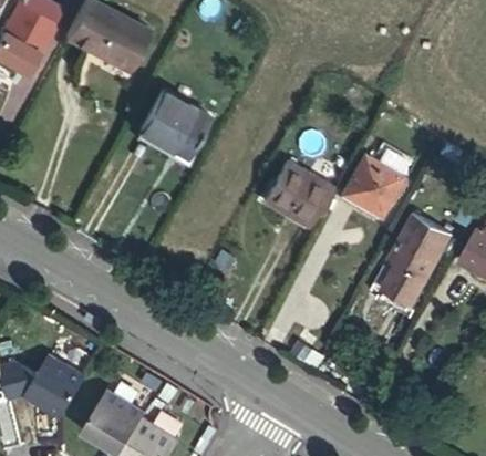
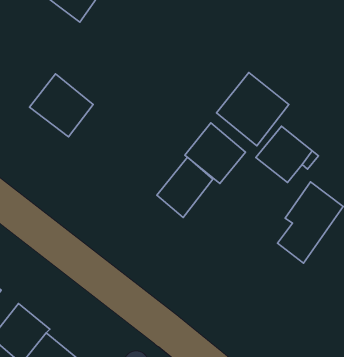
building: [138,91,208,158] -> [30,74,93,137]
building: none -> [216,73,289,146]
building: none -> [157,157,213,218]

